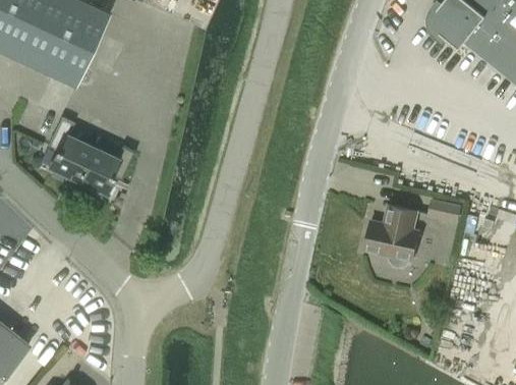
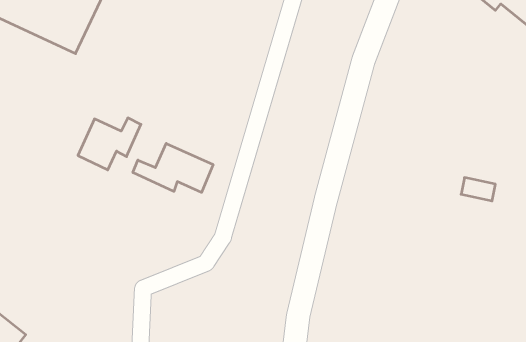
building: [47,118,92,181] -> none
building: none -> [133,143,213,192]
building: [364,207,418,268] -> none

